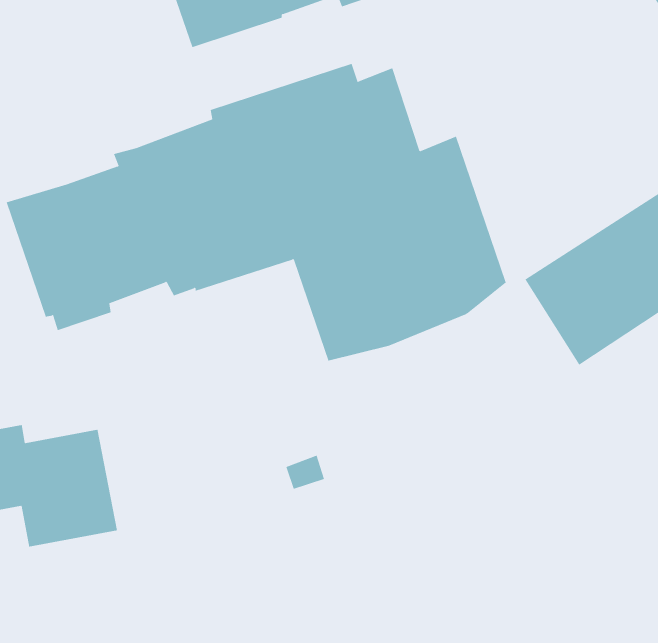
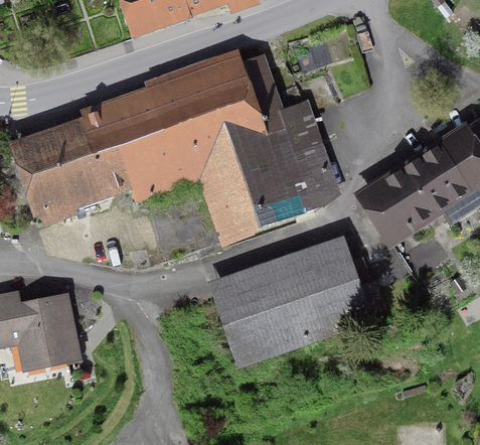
building: none -> [207,235,373,369]

